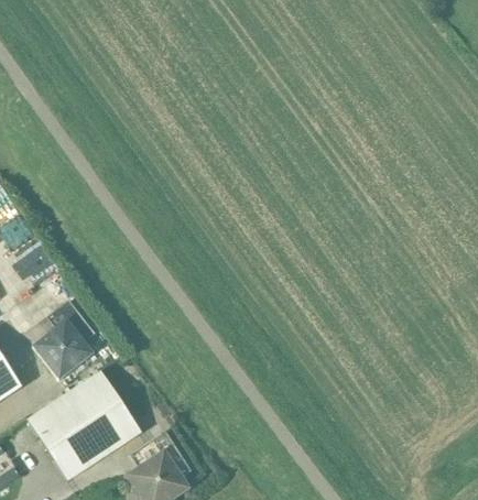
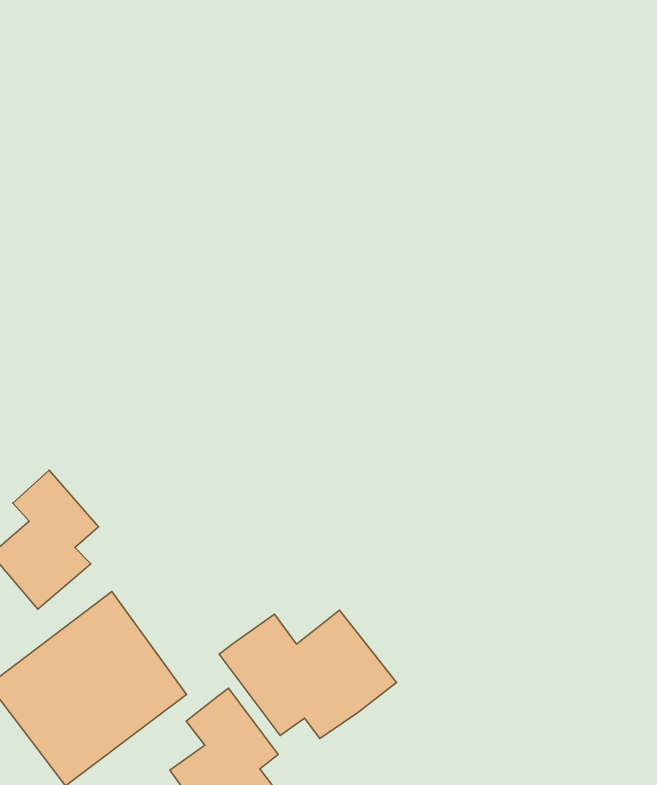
building: none -> [219,610,397,739]

